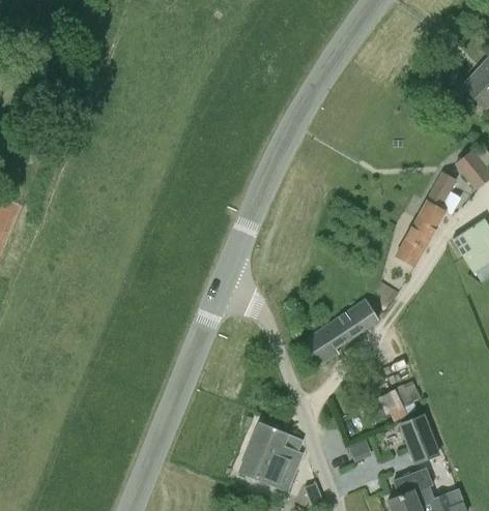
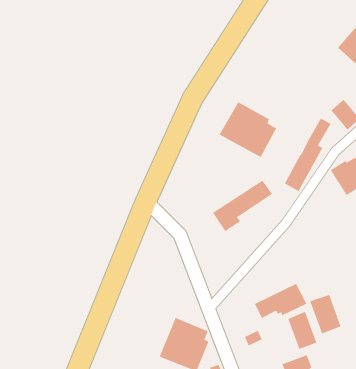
building: none -> [219,102,277,158]
building: [303,301,378,366] -> [212,180,273,232]
building: none -> [310,294,341,334]

